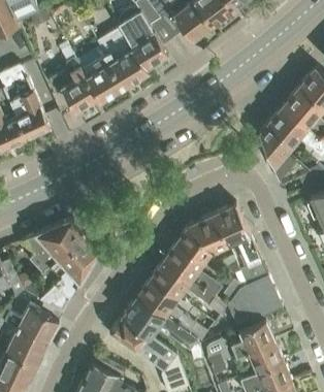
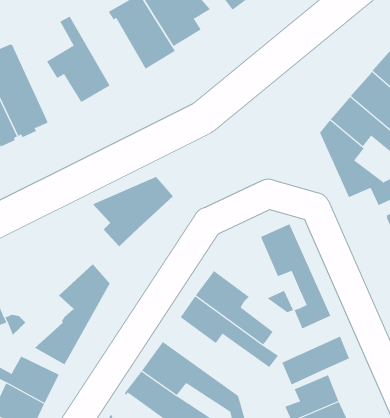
building: [77,46,125,101] -> none
building: [177,215,227,261] -> none
building: [22,220,85,274] -> [92,176,174,247]
building: [228,275,276,312] -> none
building: [138,276,209,342] -> none

